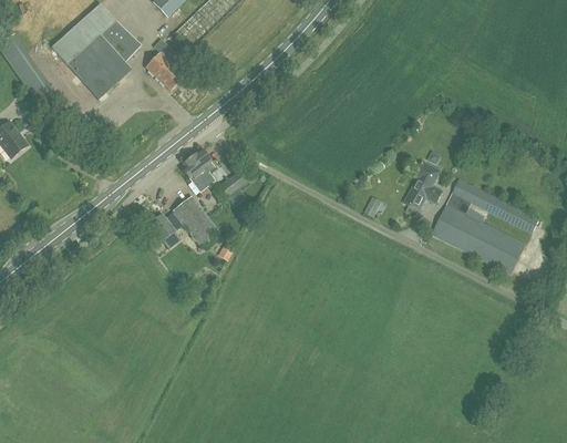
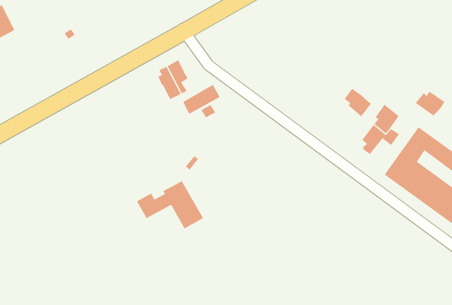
building: none -> [415,91,445,116]
building: none -> [344,88,372,117]
building: [147,196,220,246] -> [136,181,204,229]

